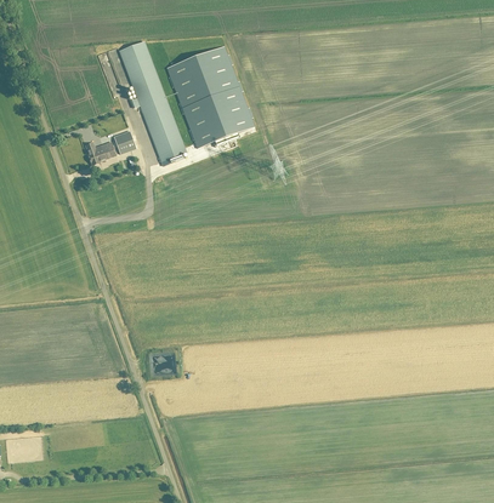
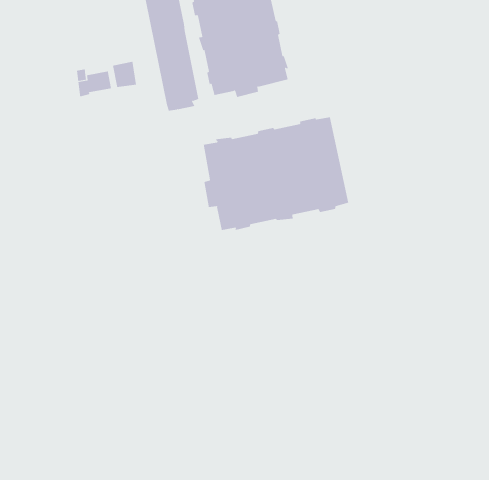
building: none -> [203,117,349,231]

